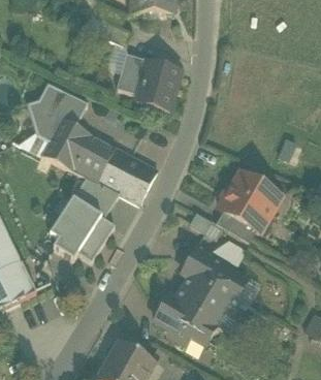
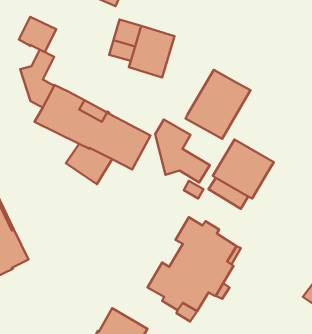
building: [50,89,87,124] -> [19,17,56,52]
building: none -> [185,70,251,139]
building: none -> [155,119,210,182]
building: [49,195,114,259] -> none

